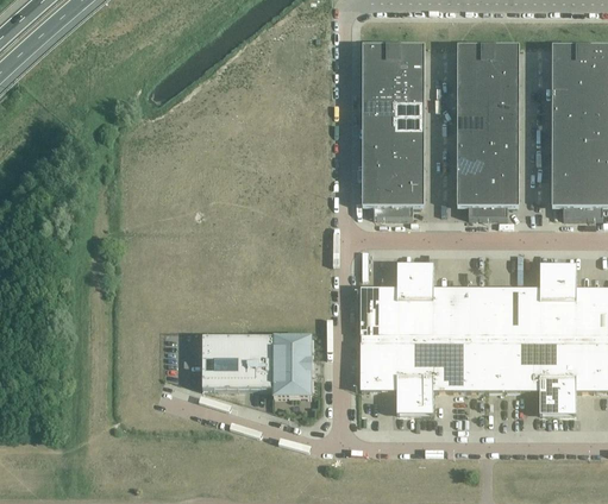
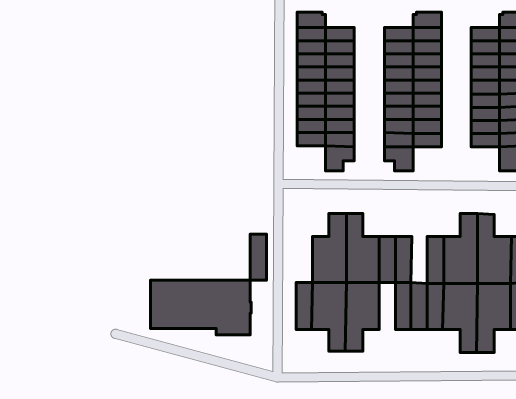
building: [394,44,425,61] -> none
building: [458,44,489,61] -> none
building: [552,44,583,61] -> none
building: [363,189,394,216] -> none
building: [489,190,520,216] -> none
building: [552,190,583,216] -> none
building: [362,288,380,338] -> [250,234,267,280]
building: [487,288,504,339] -> none
building: [452,338,470,389] -> none

